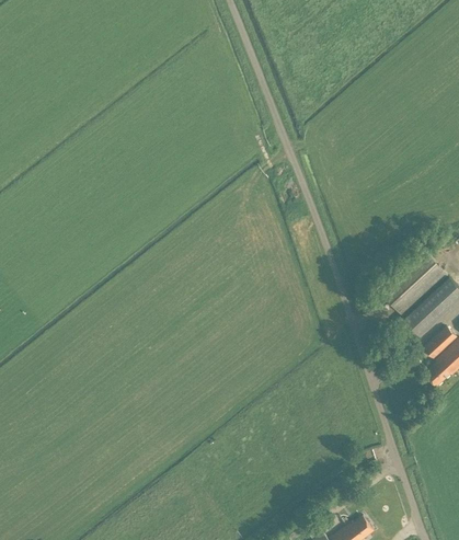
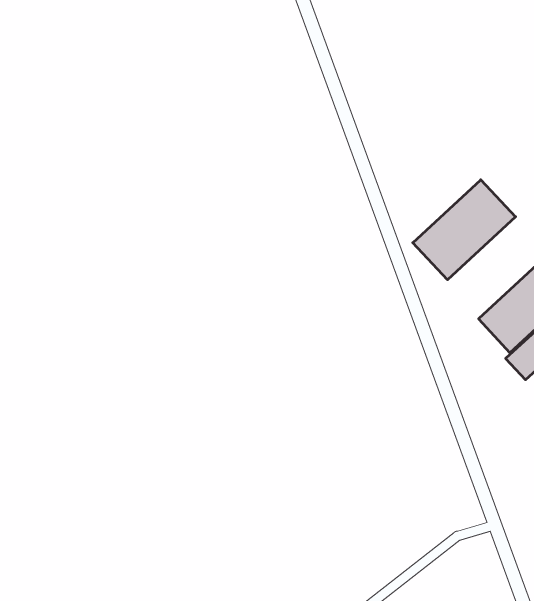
building: none -> [413,180,516,280]

